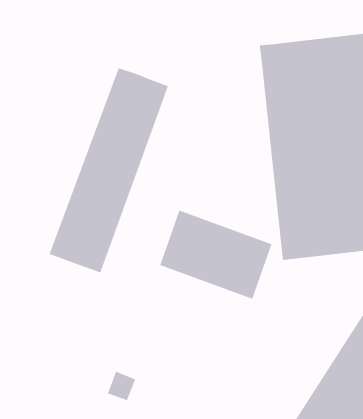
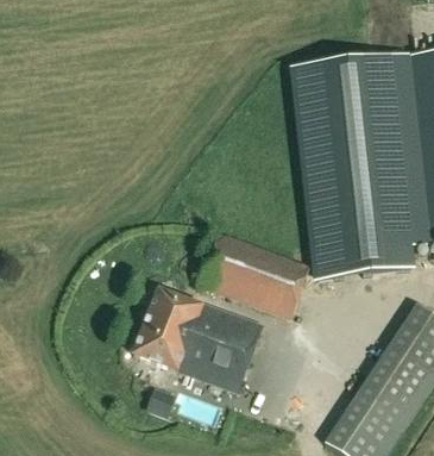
building: [49,67,169,273] -> none
building: none -> [132,286,258,389]

